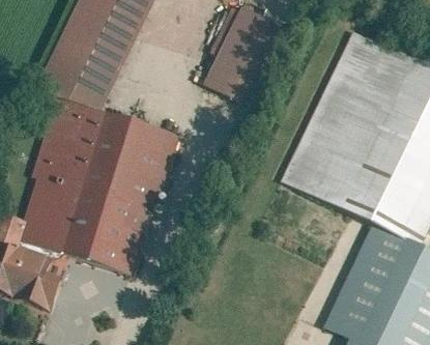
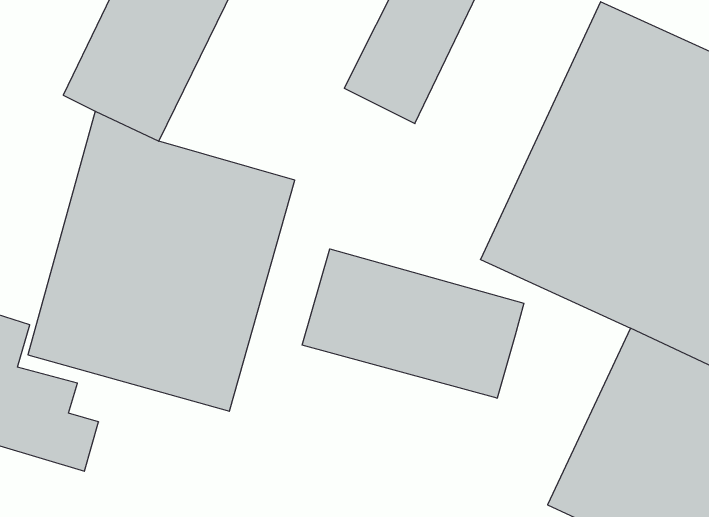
building: none -> [302,249,524,398]

